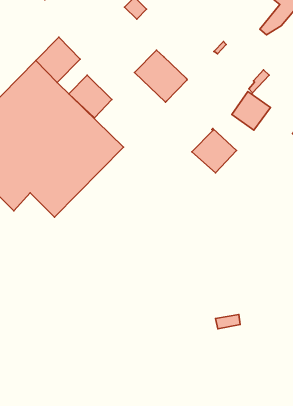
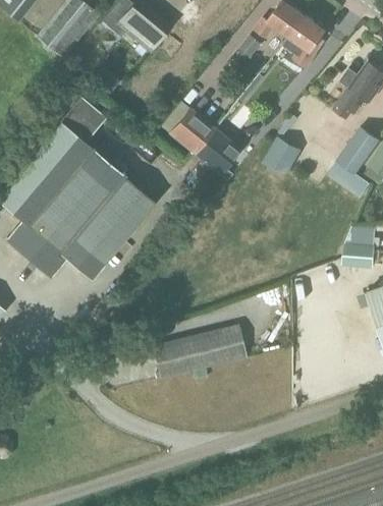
building: [69,75,112,118] -> none
building: [192,128,236,173] -> [196,127,240,172]
building: none -> [157,329,241,375]

